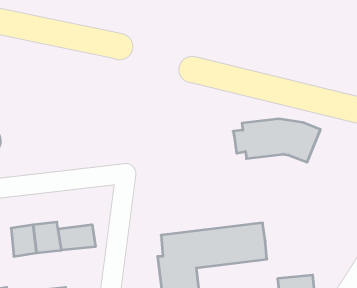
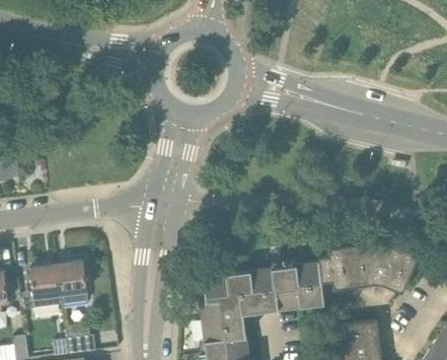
building: [233,119,320,162] -> [318,243,419,293]
building: [58,225,95,250] -> none

